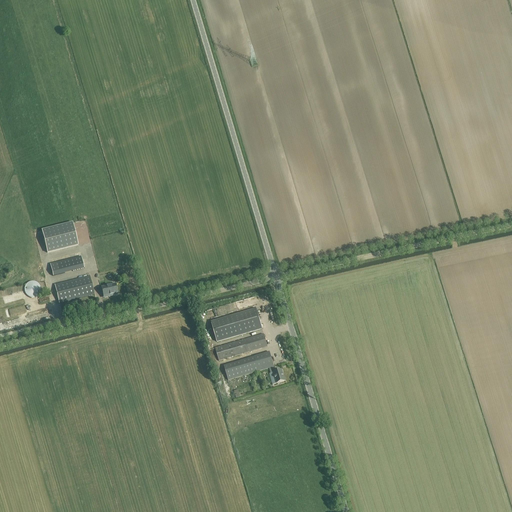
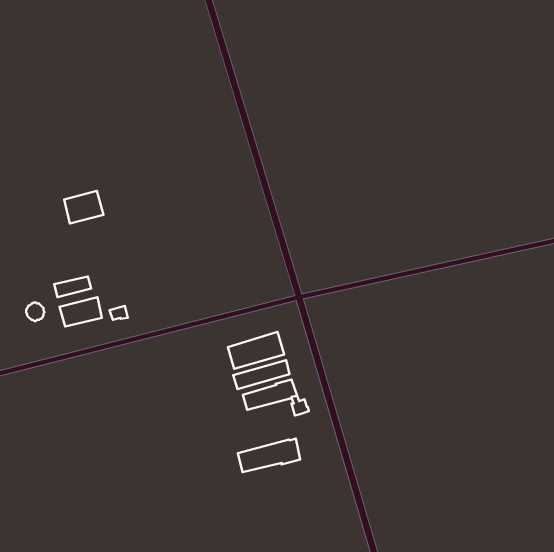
building: [42,221,78,251] -> [64,191,103,224]
building: none -> [238,438,300,472]

